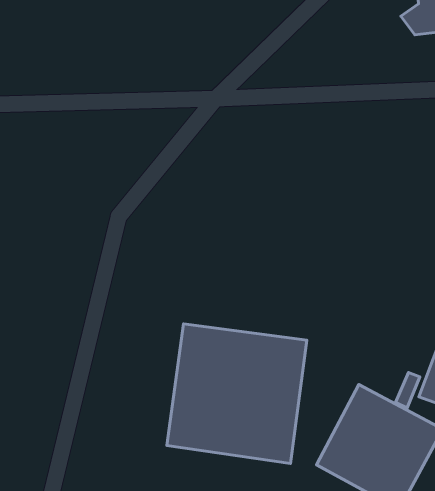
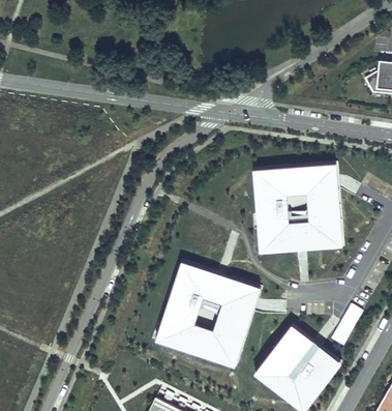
building: none -> [251,164,344,254]

